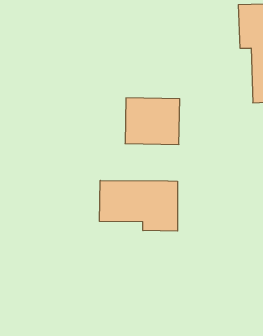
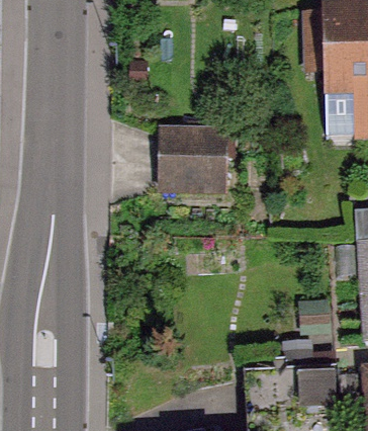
building: [99,180,177,231] -> none

